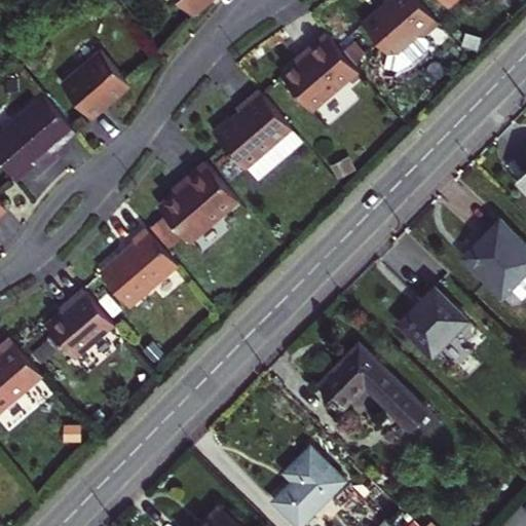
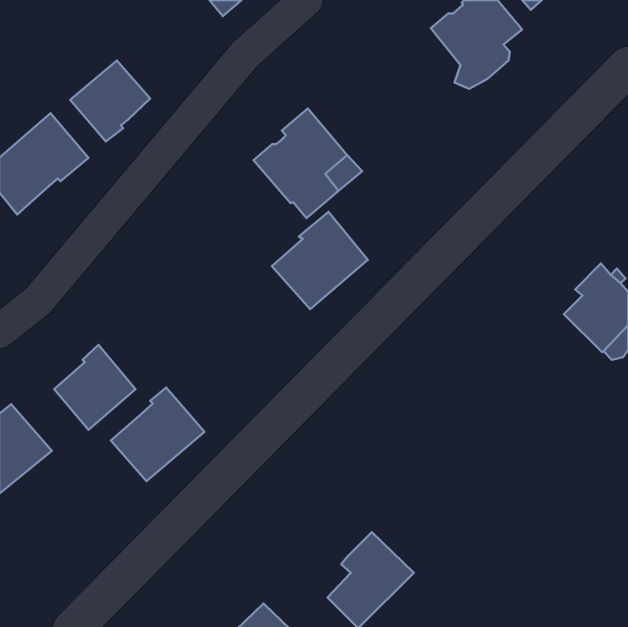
building: [279,37,349,107] -> none
building: [156,163,236,245] -> [272,212,368,309]
building: [99,229,177,307] -> [111,387,204,481]
building: [404,288,469,358] -> none
building: [322,344,428,429] -> none

